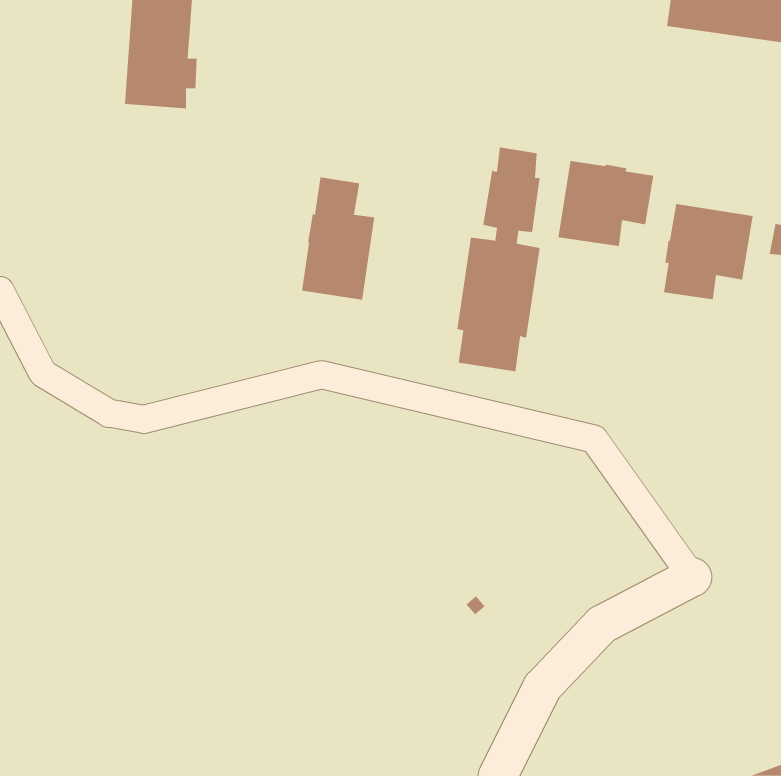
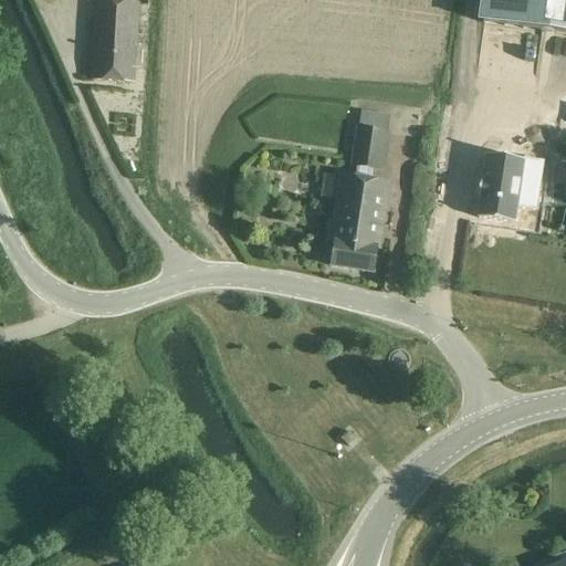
building: [558,160,654,247] -> none
building: [302,176,375,300] -> none

